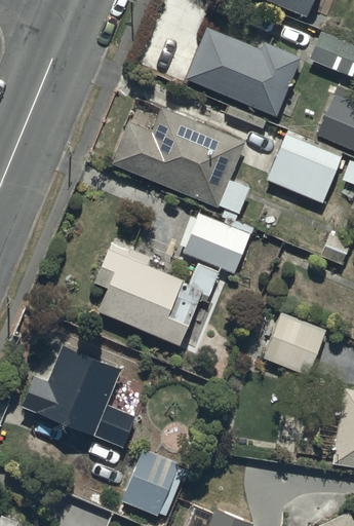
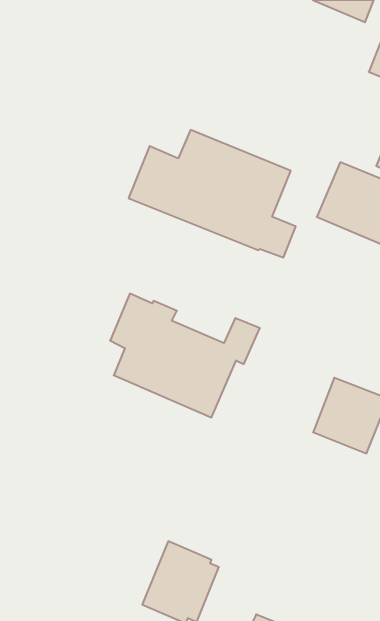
building: [183,28,302,119] -> none
building: [184,214,250,273] -> none
building: [23,346,135,448] -> none

